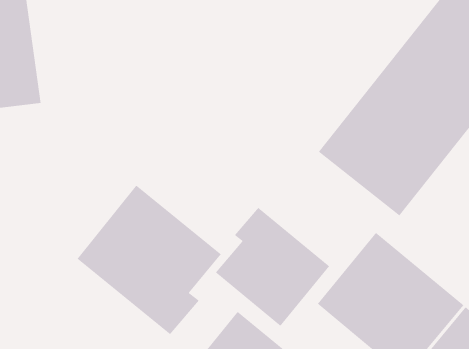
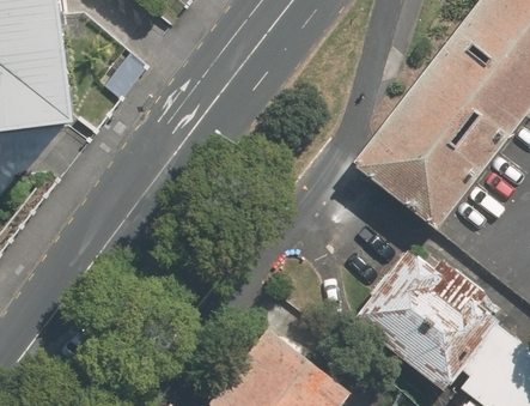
building: [76,184,222,335] -> none
building: [215,207,330,327] -> none

